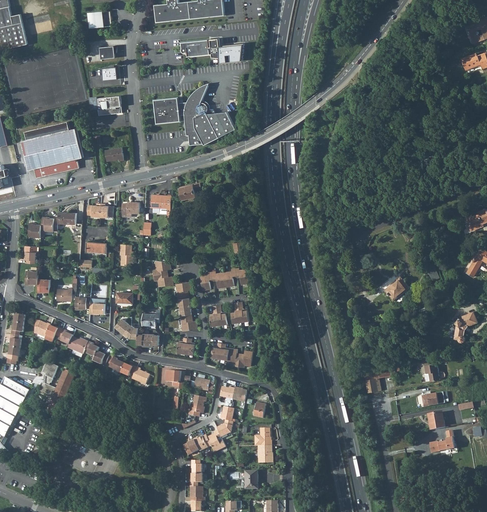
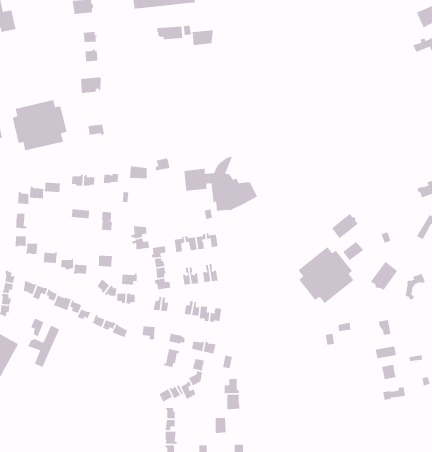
building: [153,83,235,145] -> [184,155,258,211]
building: none -> [331,213,359,240]
building: none -> [298,246,355,304]
building: none -> [370,261,398,291]

